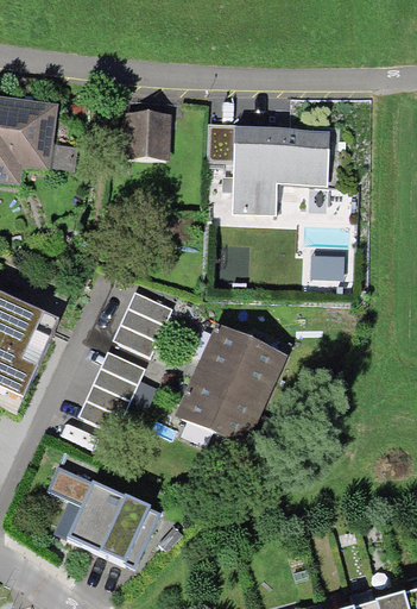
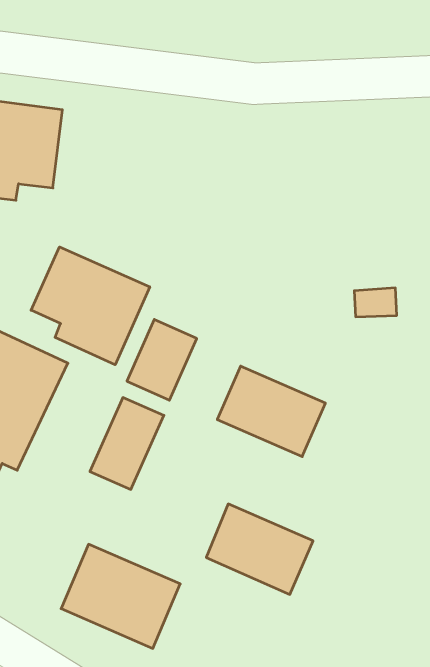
building: [127,111,171,157] -> none
building: [208,123,331,214] -> none
building: none -> [31,247,150,365]
building: [173,370,266,448] -> [206,504,313,594]

